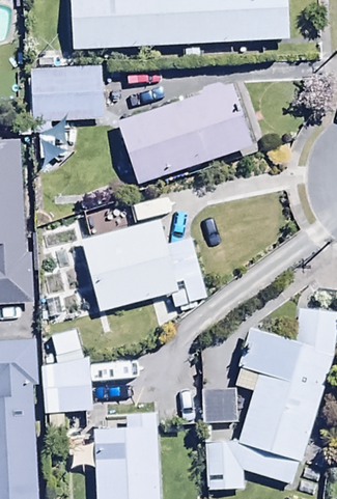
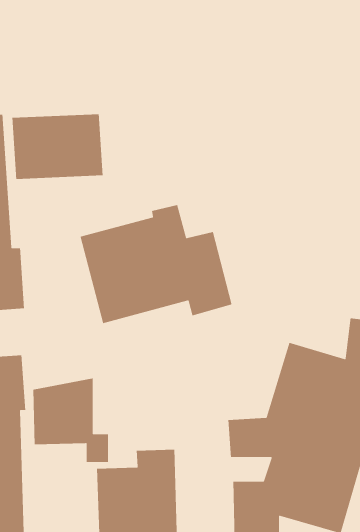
building: [31,68,106,122] -> [12,113,103,180]
building: [118,84,260,183] -> none

